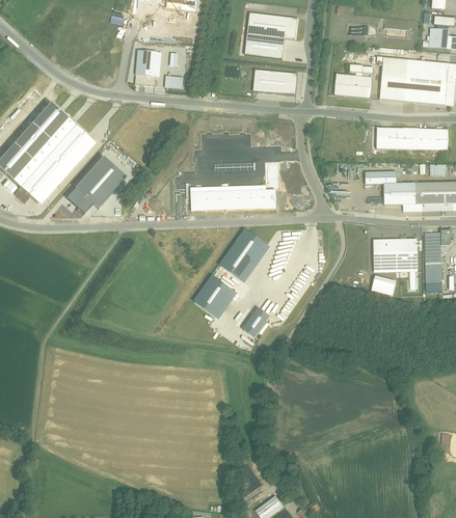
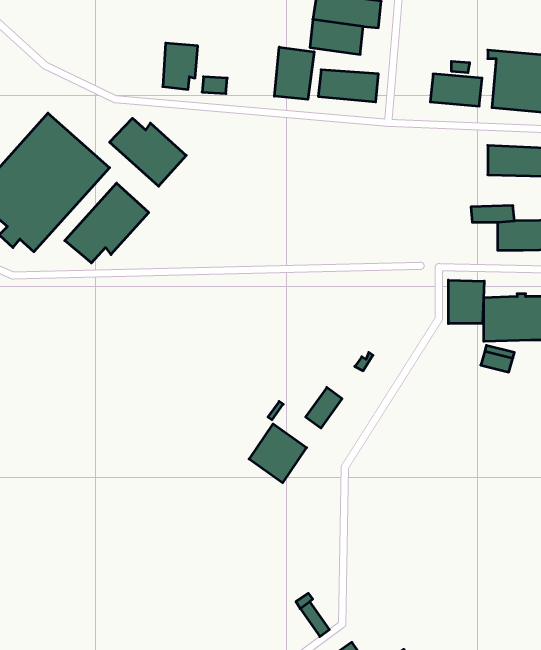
building: none -> [274,47,314,99]
building: none -> [110,118,186,186]
building: [191,188,276,209] -> none
building: none -> [448,280,484,324]
building: [218,227,269,280] -> none
building: [193,273,236,317] -> [249,424,307,483]

